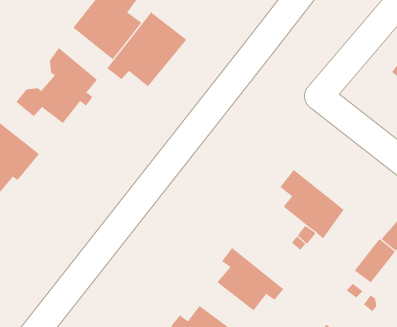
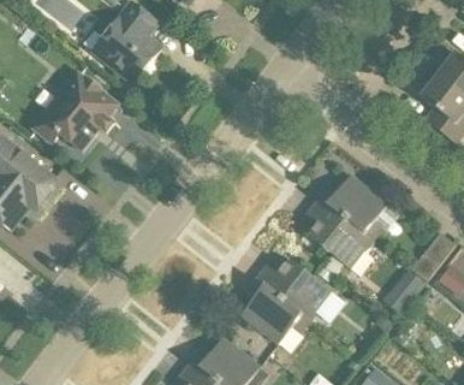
building: [106,12,187,87] -> none
building: none -> [319,174,387,239]
building: none -> [255,259,332,321]

